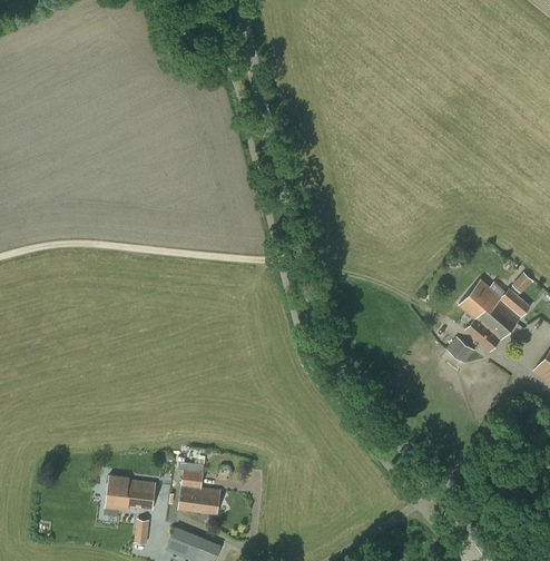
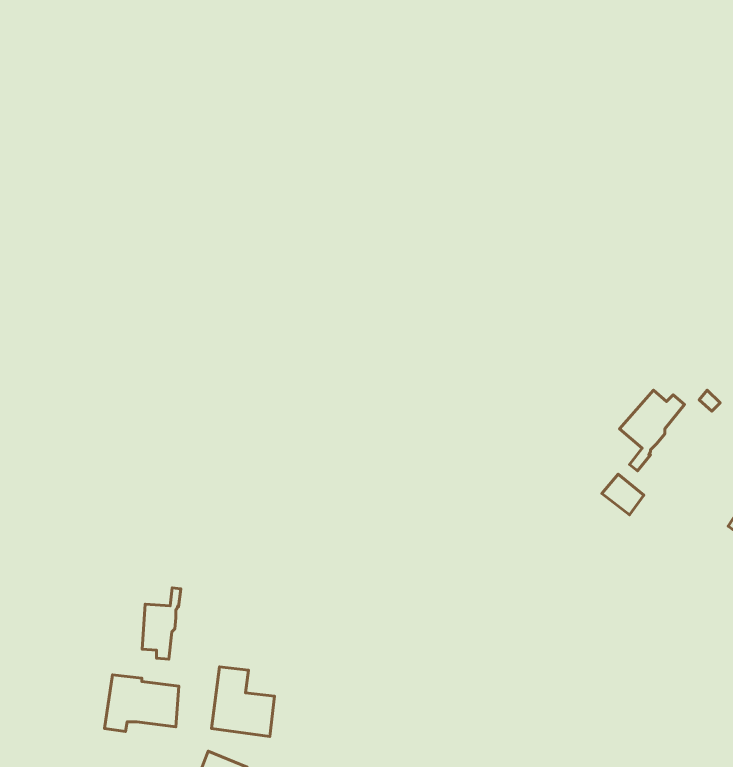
building: [471,287,531,352] -> none
building: none -> [142,588,181,659]

